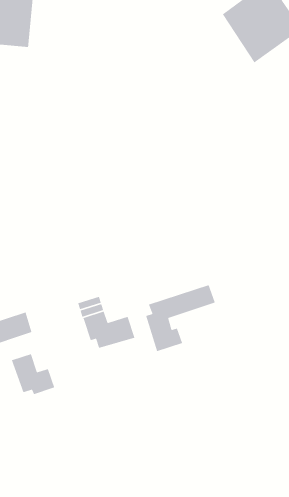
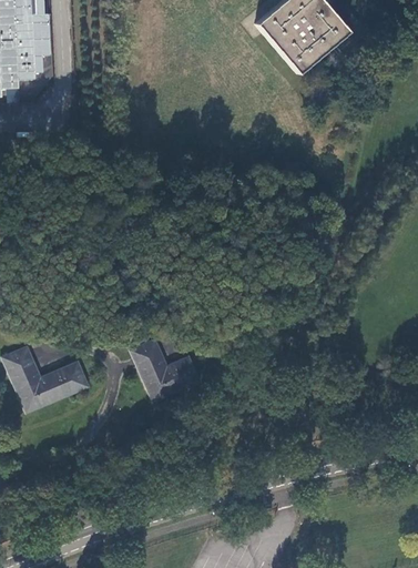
building: [145,284,216,352] -> none
building: [11,353,55,395] -> none

